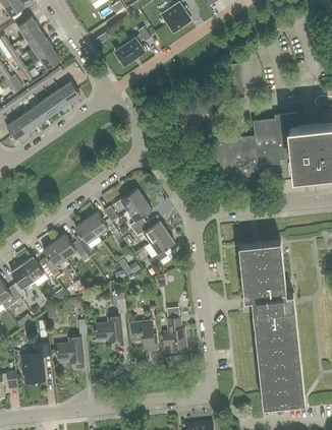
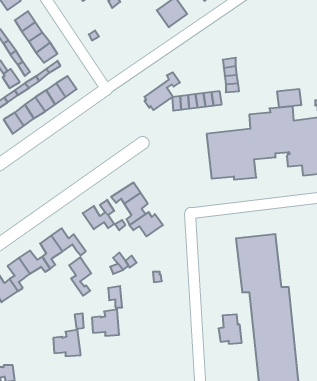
building: [114,28,150,66] -> [144,72,180,110]
building: none -> [277,89,301,108]
building: [74,220,97,258] -> [69,257,91,296]
building: [148,232,173,266] -> none
building: [162,318,185,348] -> [218,314,242,344]
building: [131,320,157,352] -> none
building: [20,343,50,382] -> none

